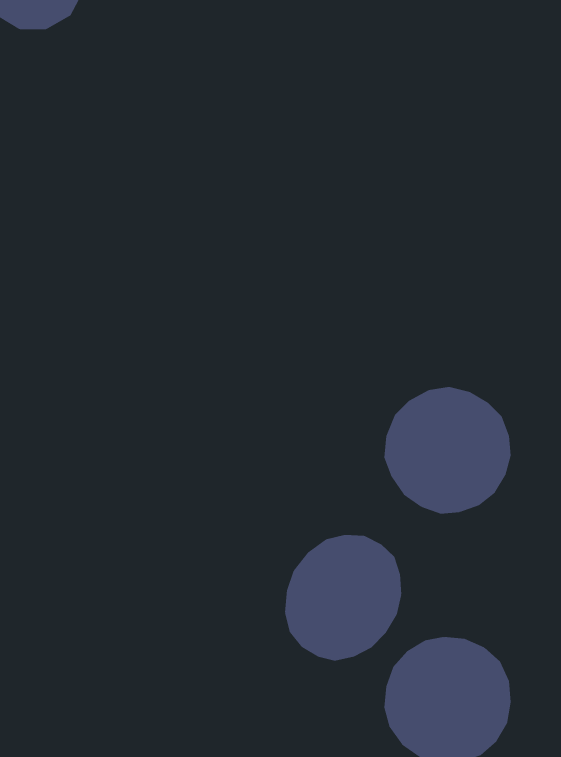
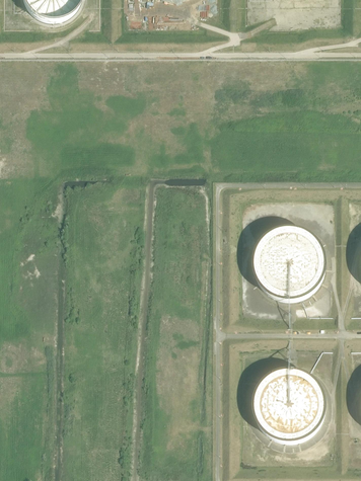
building: [285,534,402,662] -> none

